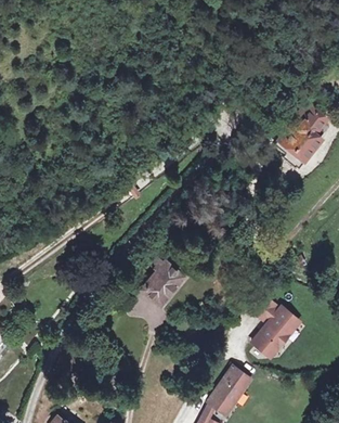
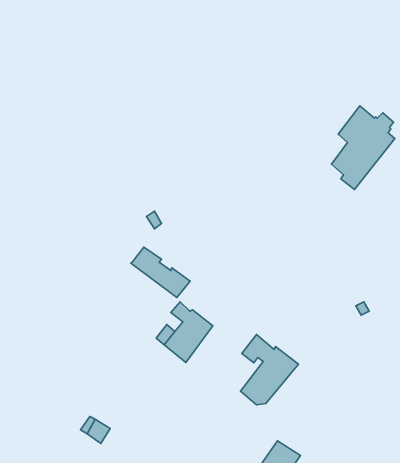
building: none -> [131,247,190,297]
building: [252,296,299,352] -> [240,334,298,405]

